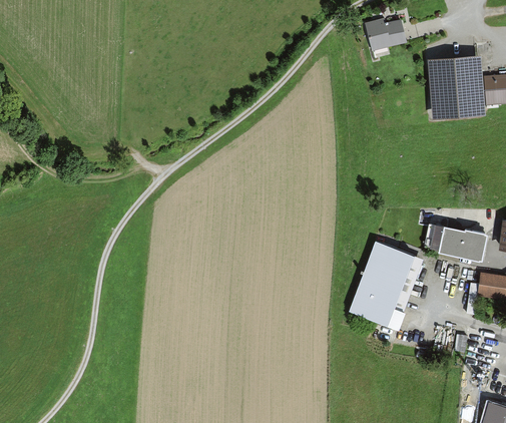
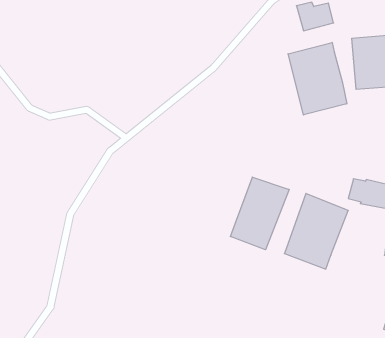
building: none -> [288,42,347,115]
building: none -> [230,177,289,250]

